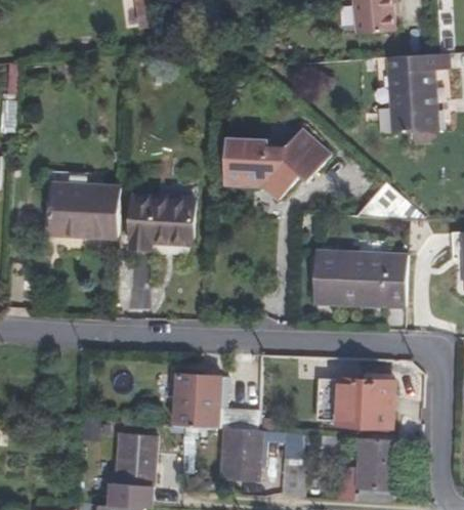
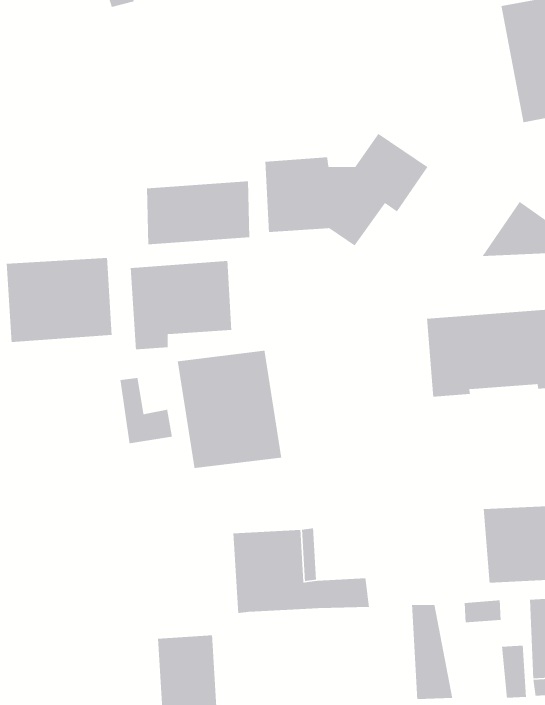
building: none -> [146,181,250,245]
building: none -> [177,350,282,469]
building: [222,428,260,481] -> none

